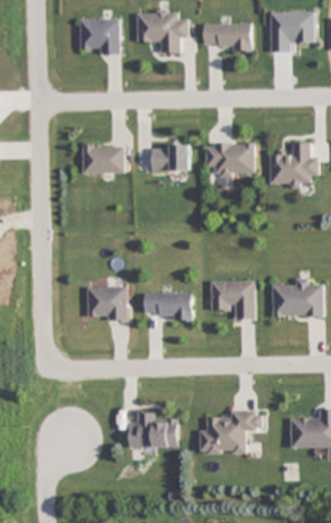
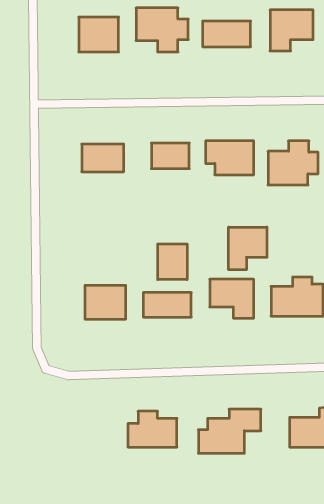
building: none -> [229,227,267,270]
building: none -> [158,244,187,280]

